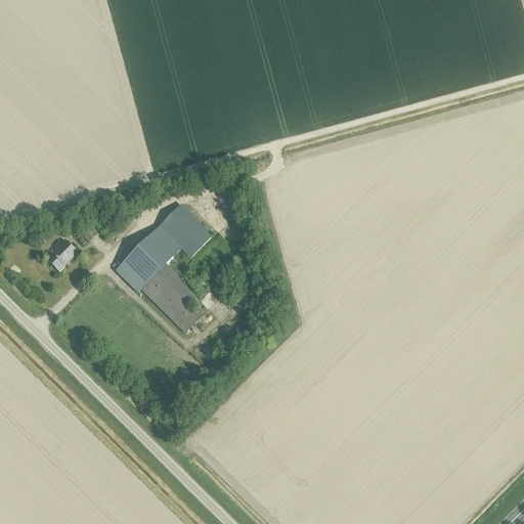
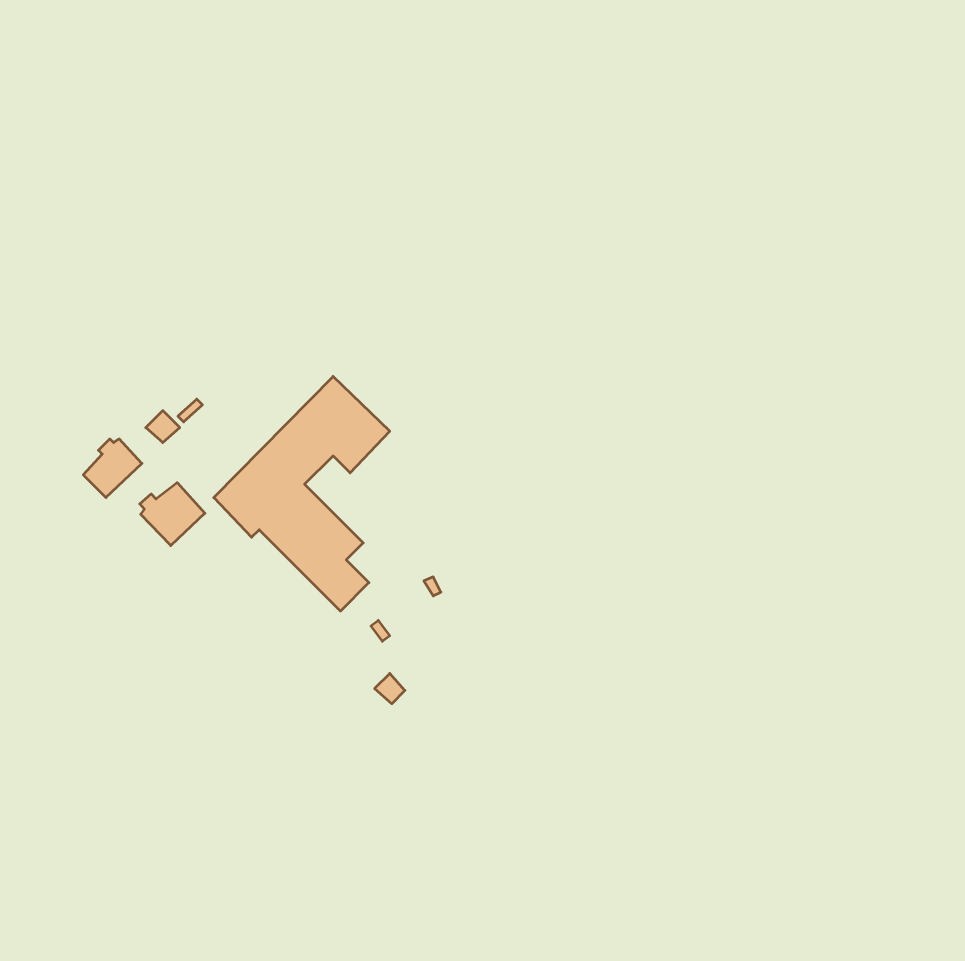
building: none -> [140,483,205,546]

